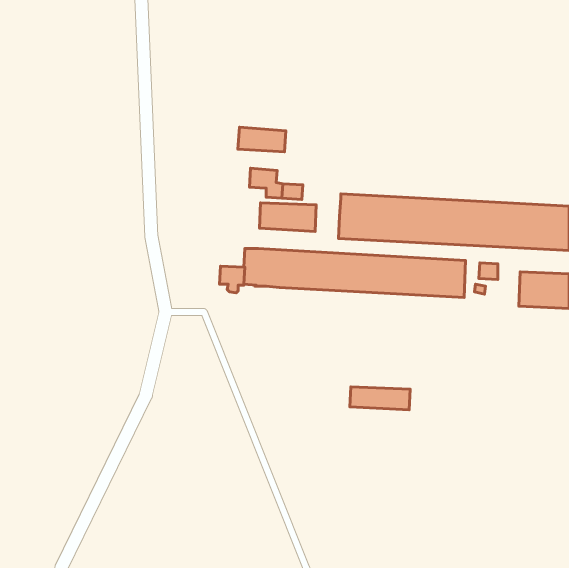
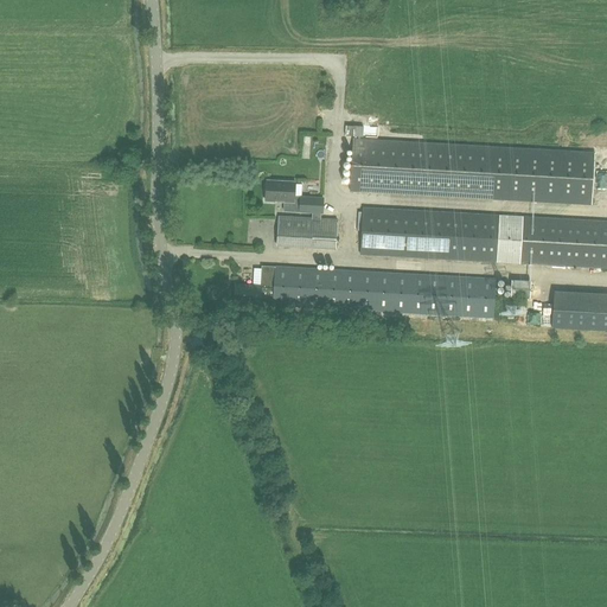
building: [238,127,286,152] -> none
building: none -> [350,138,595,204]
building: [350,387,410,410] -> none

